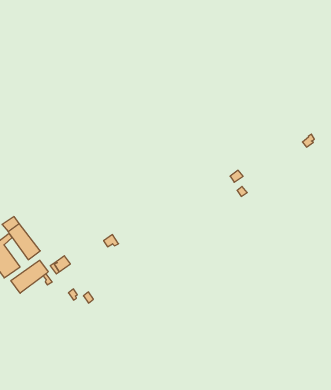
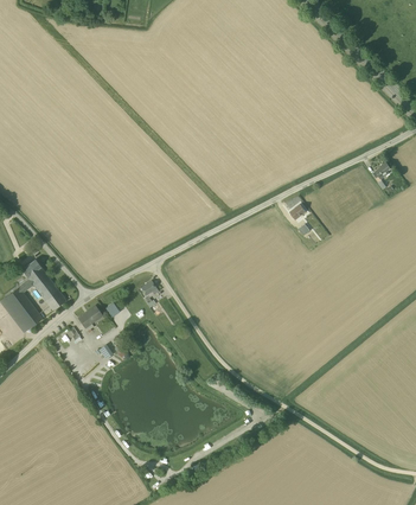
building: [11,260,48,293] -> none

